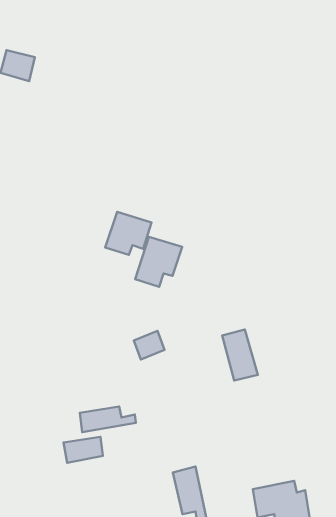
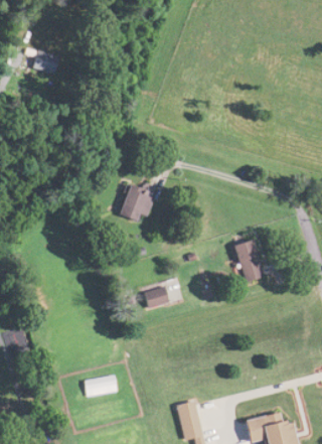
building: [135,237,182,287] -> none
building: [222,330,258,381] -> [234,239,265,282]
building: [80,406,136,432] -> none

